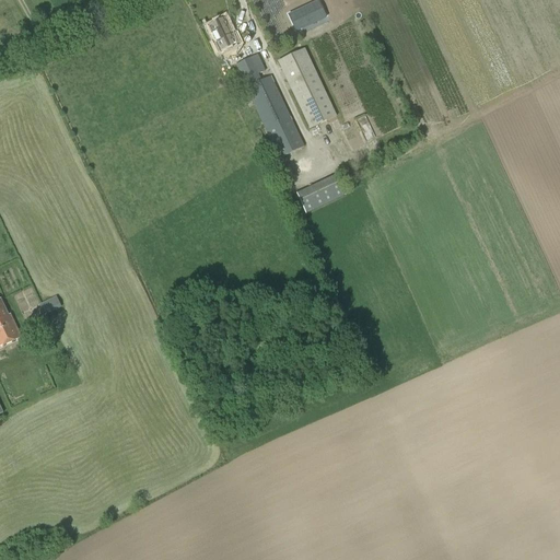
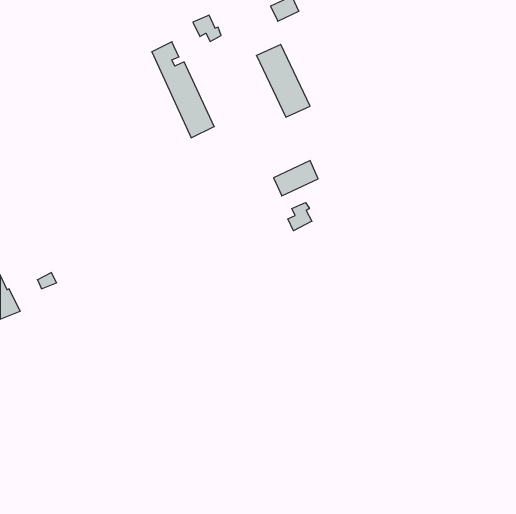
building: [237,52,305,156] -> [152,42,214,138]
building: none -> [288,203,312,231]

